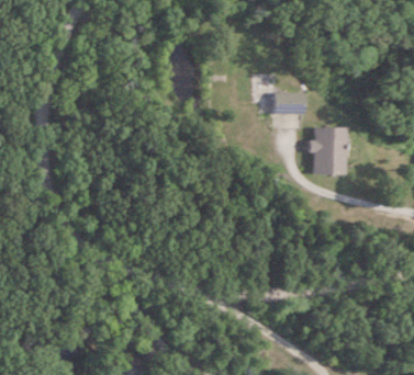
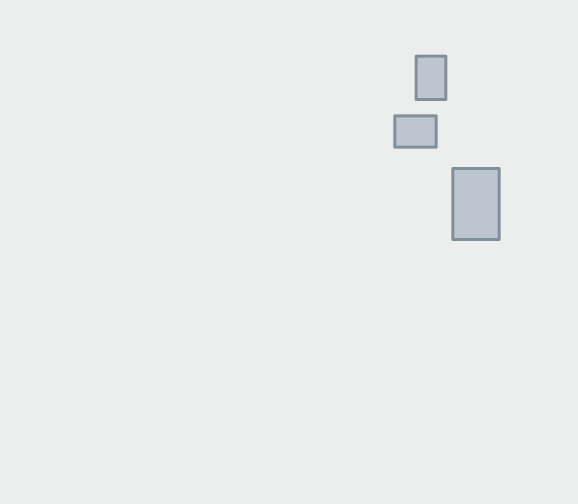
building: none -> [416,56,446,99]

